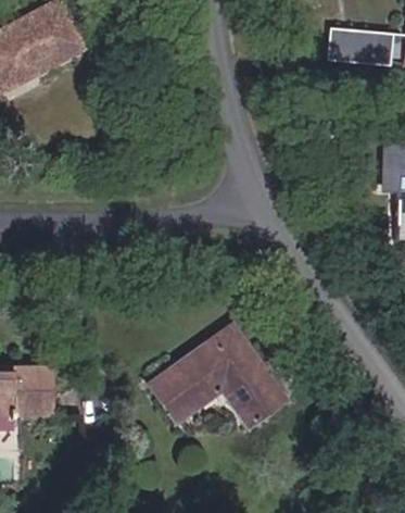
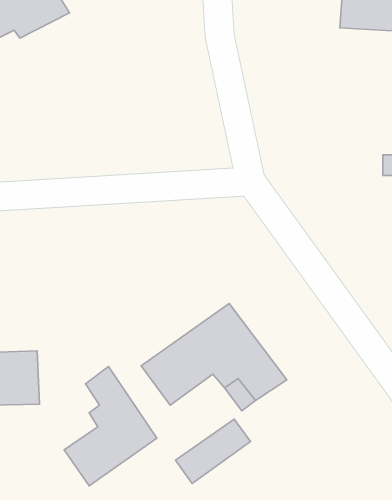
building: none -> [64,366,157,486]
building: none -> [175,419,250,484]

